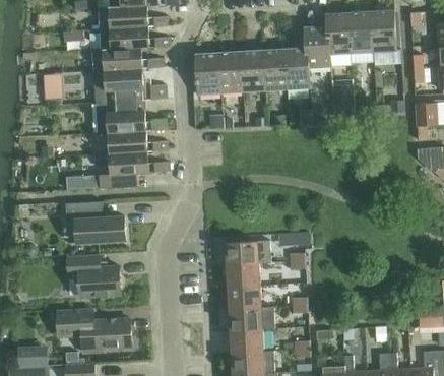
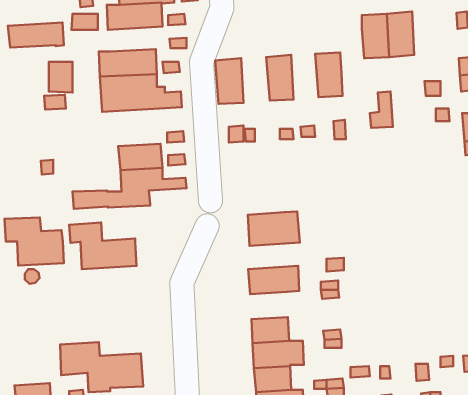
building: [370,12,394,52] -> none
building: [99,26,148,49] -> [8,22,64,47]
building: [304,28,329,68] -> none
building: [262,51,287,91] -> none
building: [217,54,243,95] -> none
building: [93,100,145,133] -> none
building: none -> [248,212,300,246]
building: [66,254,119,297] -> [5,218,64,265]
building: [226,263,259,288] -> none

